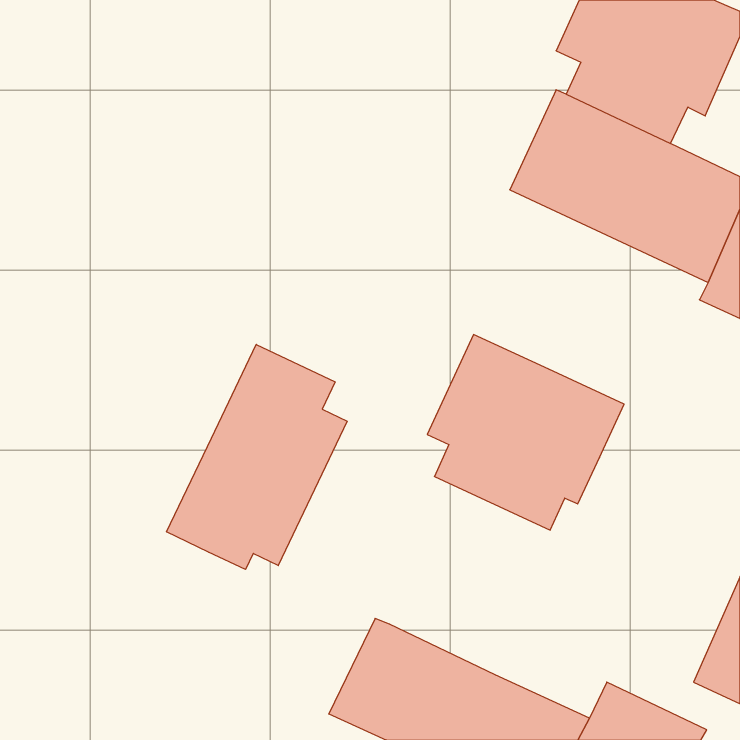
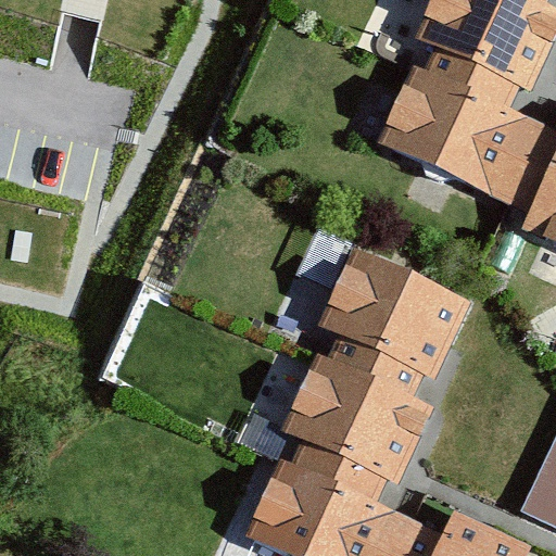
building: [167,344,347,569] -> none
building: none -> [282,355,432,506]

